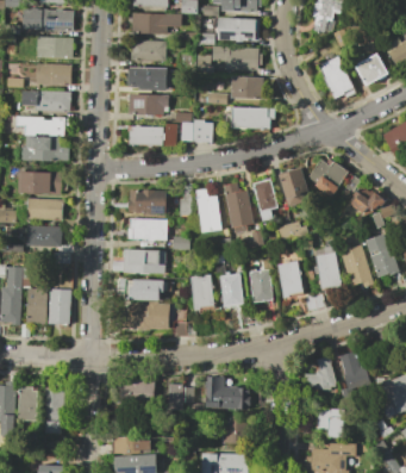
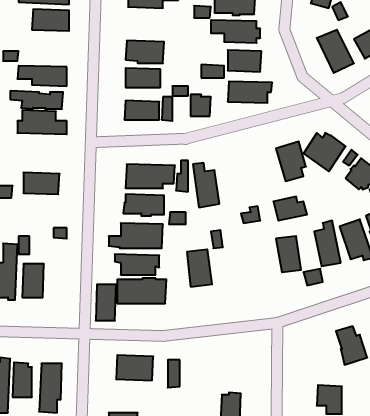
building: [130,41,167,57] -> none
building: [37,64,71,85] -> none
building: [18,172,62,194] -> none
building: [252,179,277,222] -> none
building: [223,183,254,232] -> none
building: [26,225,63,248] -> none
building: [249,269,273,304] -> none
building: [219,273,244,309] -> none
building: [49,288,69,324] -> [96,284,116,321]
building: [302,355,335,390] -> none
building: [206,376,249,410] -> none

